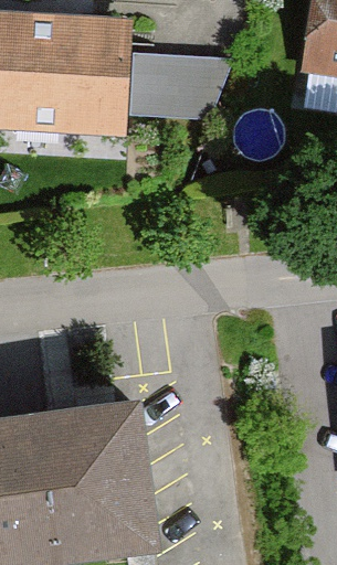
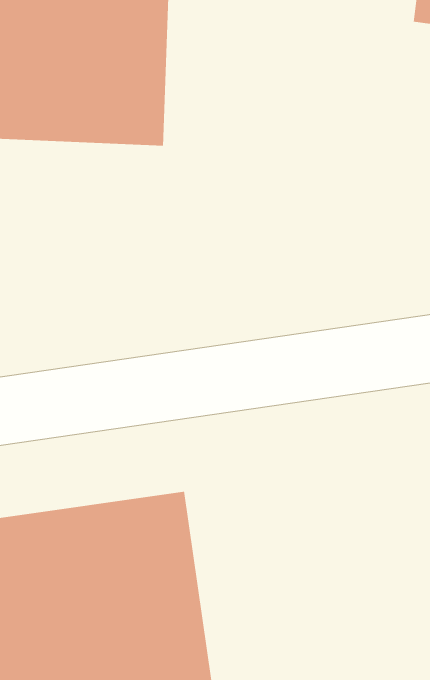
building: [134,50,225,117] -> none

